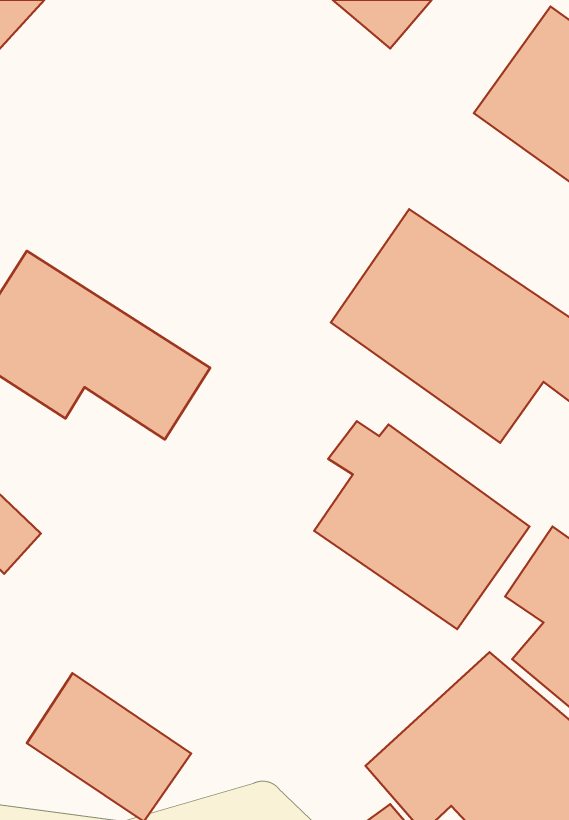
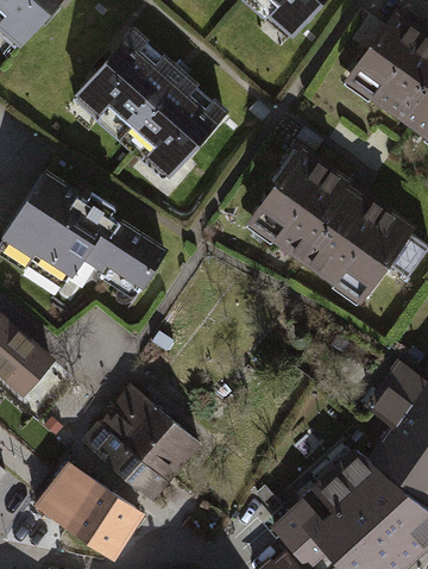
building: none -> [73,27,231,183]
building: [314,421,530,629] -> none
building: none -> [84,390,197,500]

